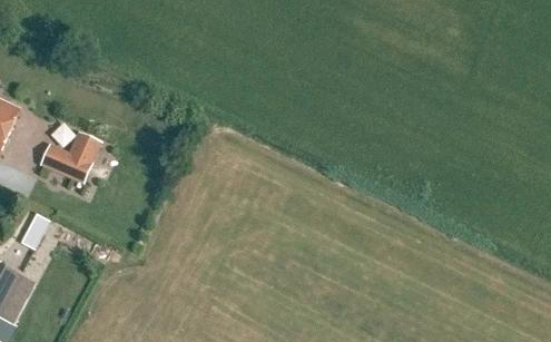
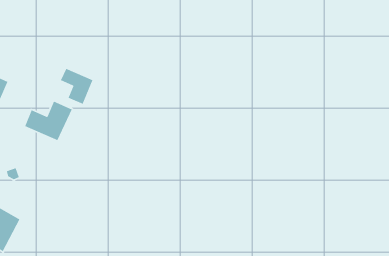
building: none -> [60,68,94,105]

